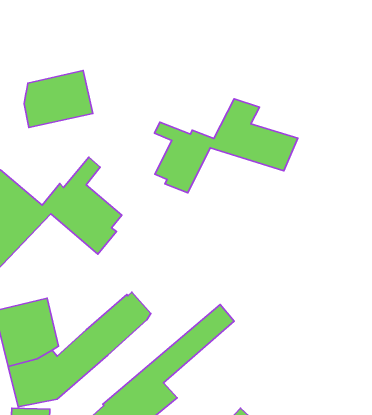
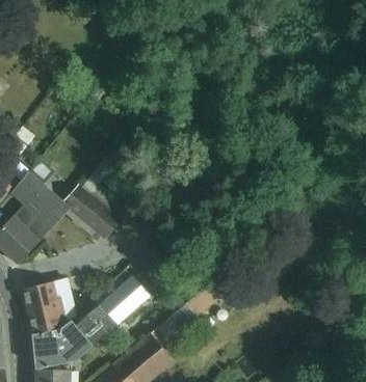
building: [24,71,93,128] -> none
building: [154,99,298,193] -> none

